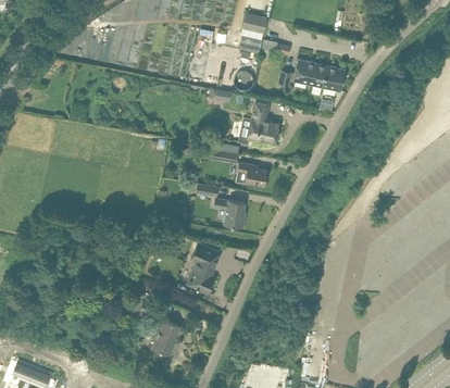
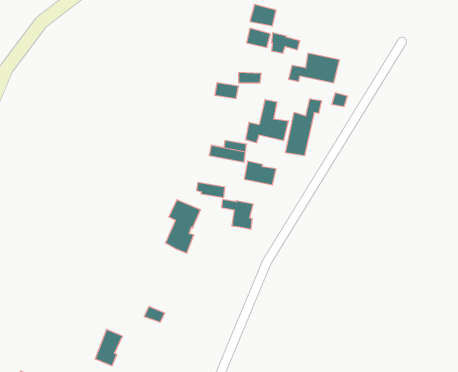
building: [322,64,346,90] -> none
building: none -> [285,99,321,156]
building: [187,241,221,292] -> [165,200,201,253]
building: [153,318,179,353] -> [95,329,122,366]

